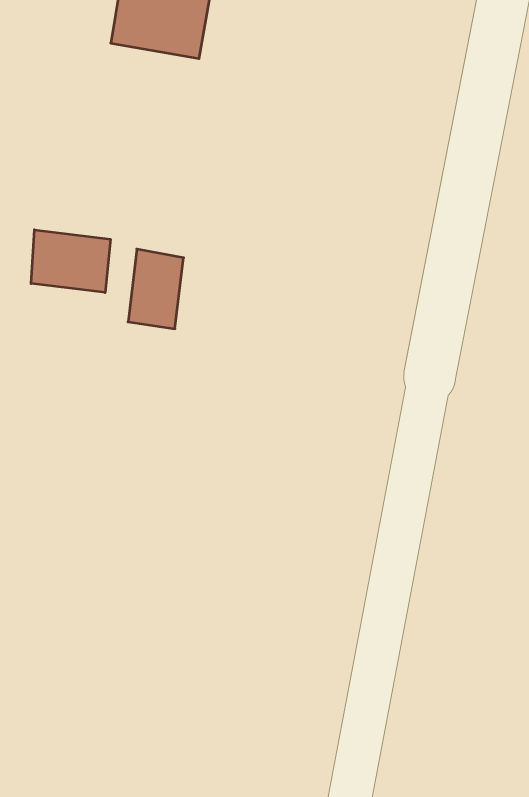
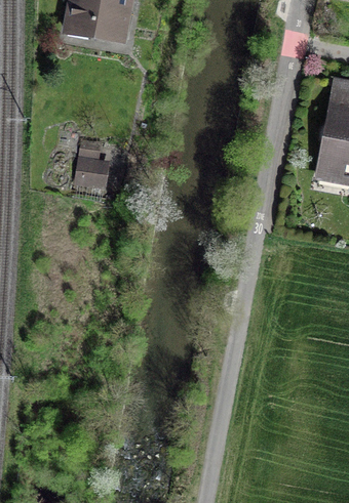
building: [31,230,110,293] -> none

